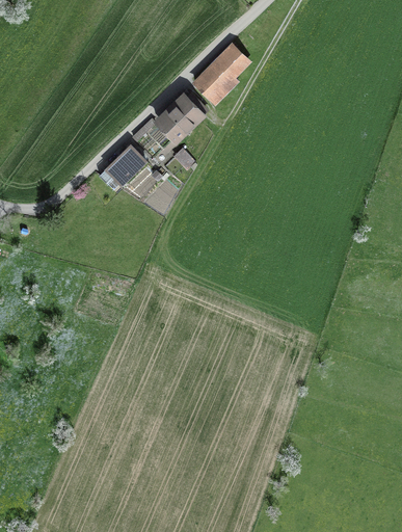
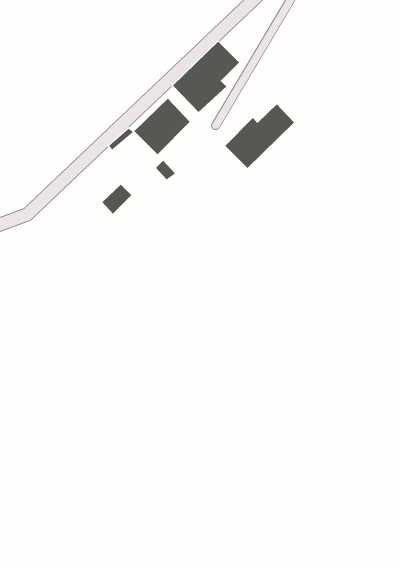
building: none -> [225,104,295,169]
building: [103,143,146,188] -> none

